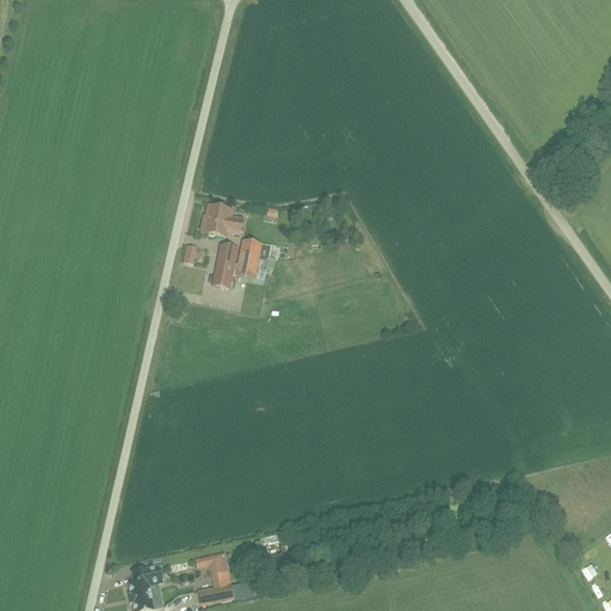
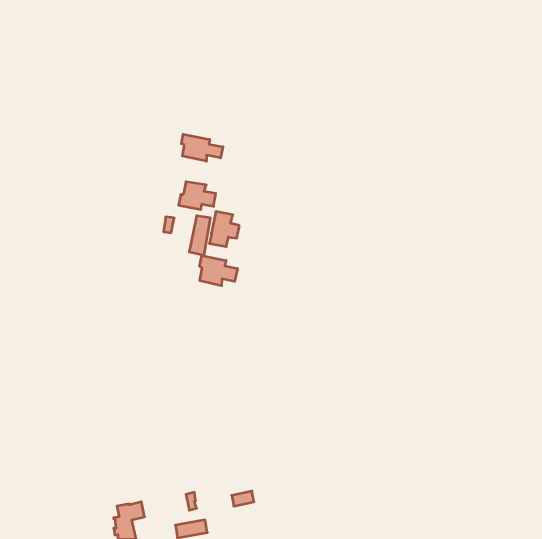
building: none -> [181,134,223,161]
building: none -> [200,256,237,286]

